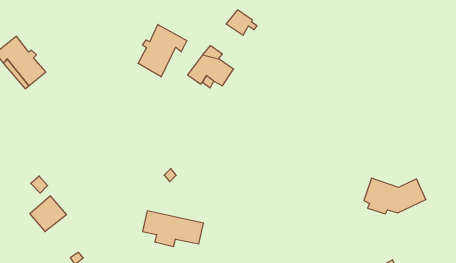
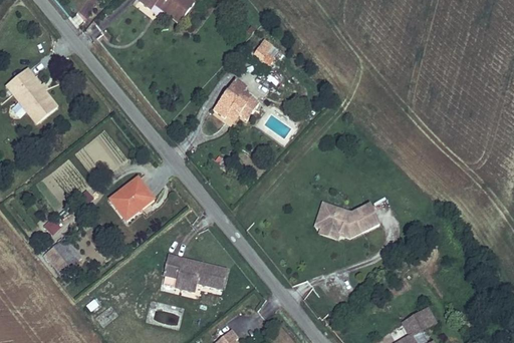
building: [138,24,187,77] -> none
building: none -> [106,176,156,223]
building: [364,178,426,214] -> [314,202,380,240]

